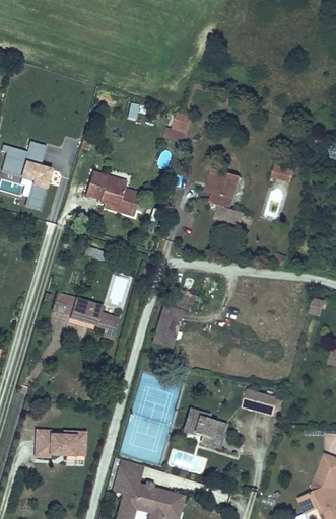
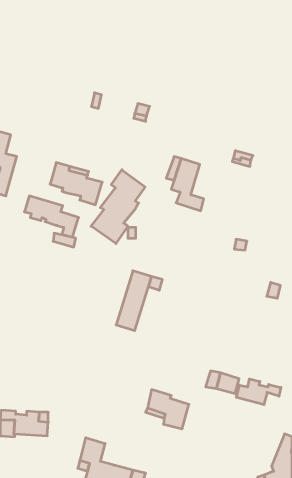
building: none -> [91,170,145,244]
building: [60,295,116,338] -> [24,196,79,237]
building: none -> [236,379,281,405]

